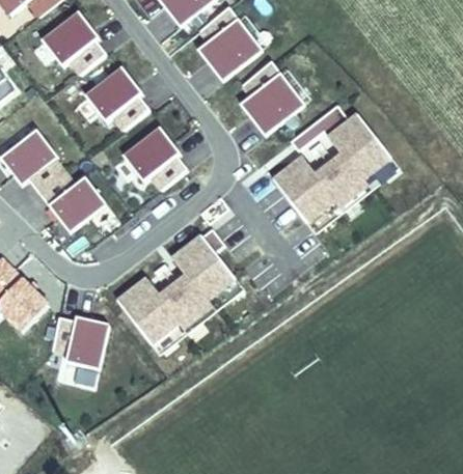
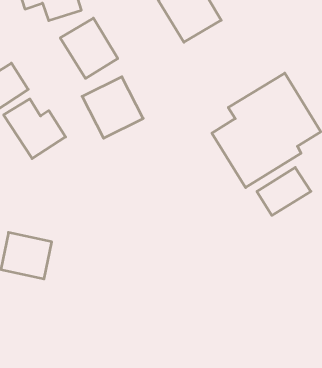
building: [233,59,305,133] -> none
building: none -> [257,167,311,215]
building: [114,233,238,354] -> none

